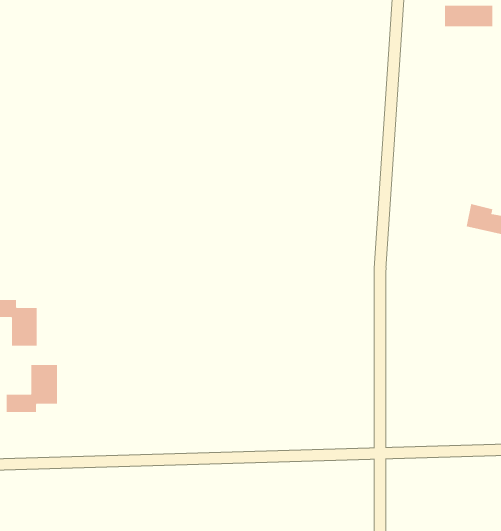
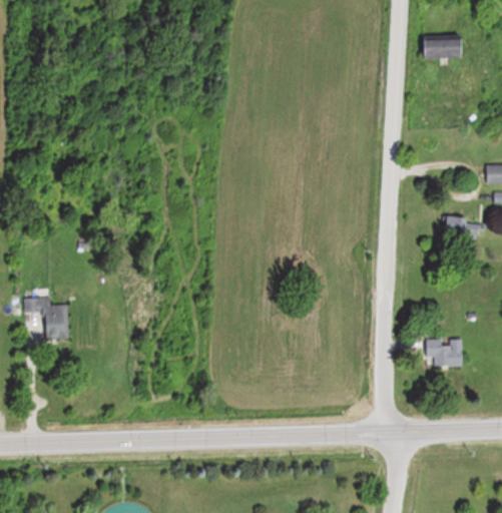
building: none -> [425,339,463,368]
building: [6,364,57,413] -> none

